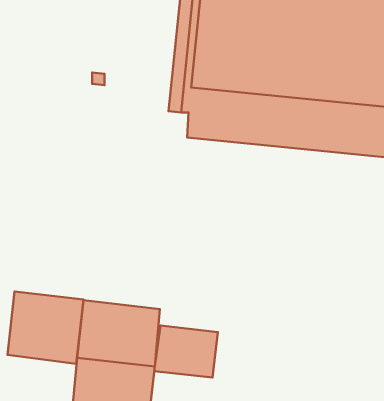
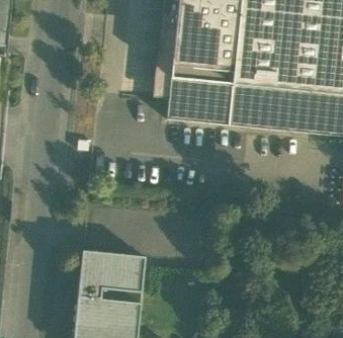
building: [8,292,83,364] -> none
building: [154,326,218,378] -> none

